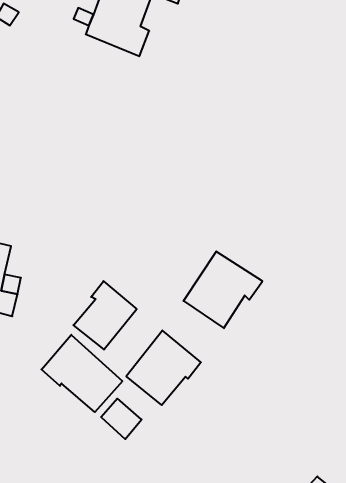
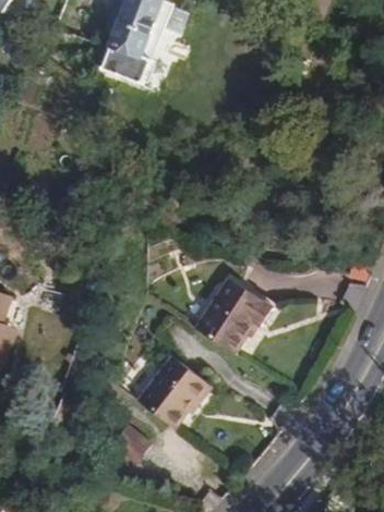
building: [73,281,137,350] -> none
building: [41,335,122,412] -> none

